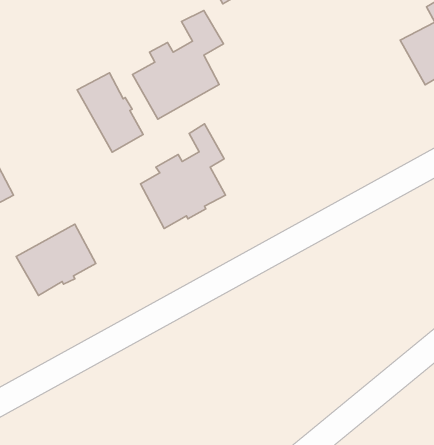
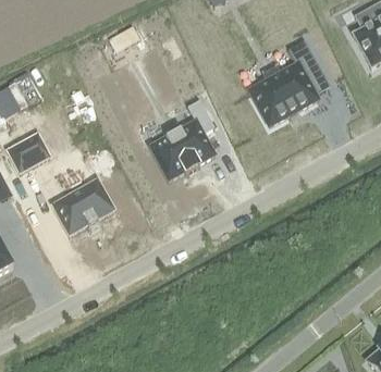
building: [133,10,223,119] -> [249,38,320,123]
building: [77,73,143,152] -> none

